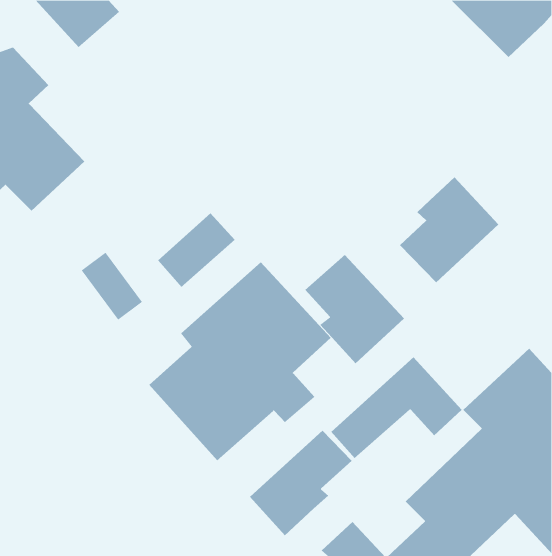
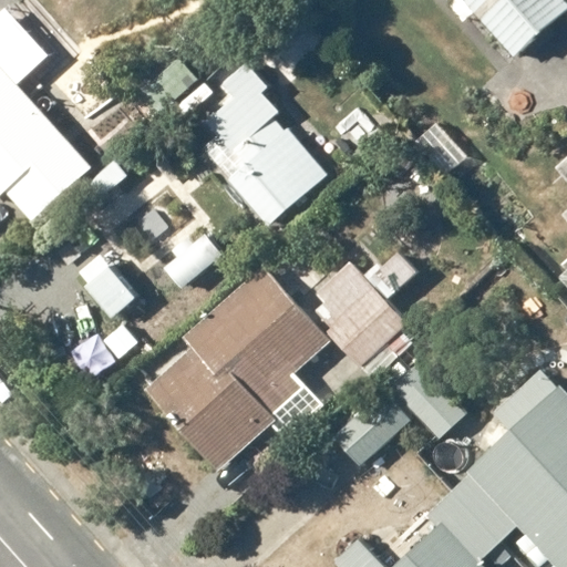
building: none -> [203,61,324,220]
building: [399,176,499,283] -> none
building: [249,430,352,536] -> none

